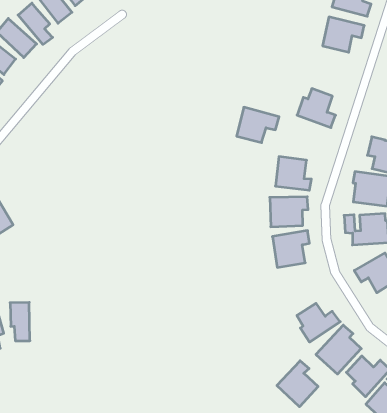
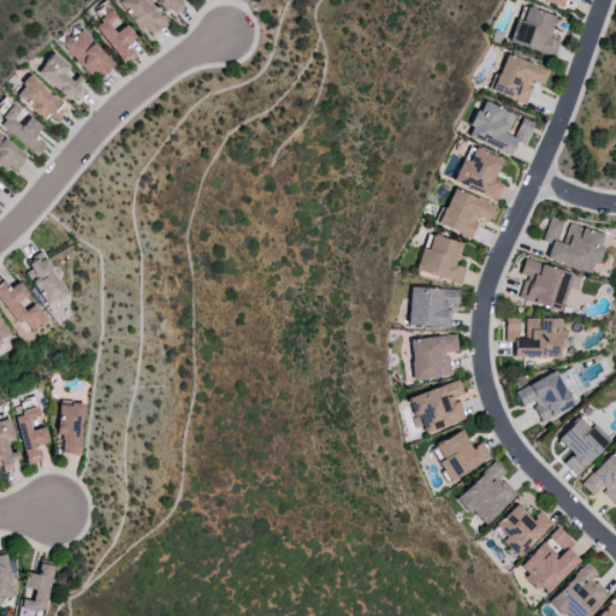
building: none -> [468,100,535,153]
building: [237,107,279,143] -> [440,188,498,236]
building: none -> [409,379,467,432]
building: [277,361,318,407] -> none

